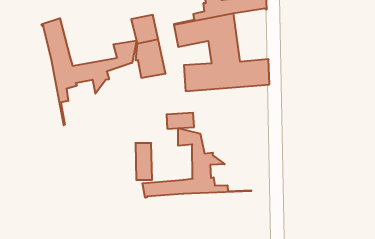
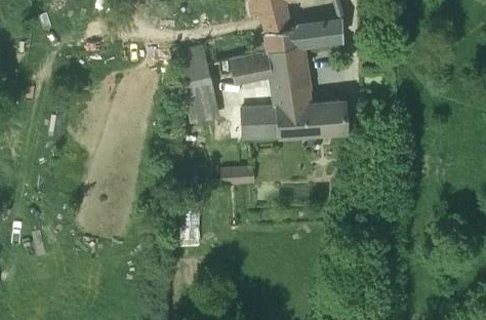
building: [42,18,136,125] -> none
building: [142,128,251,198] -> none

